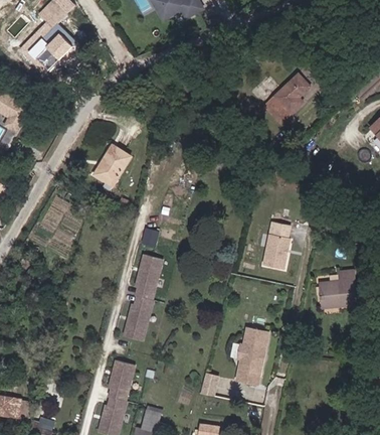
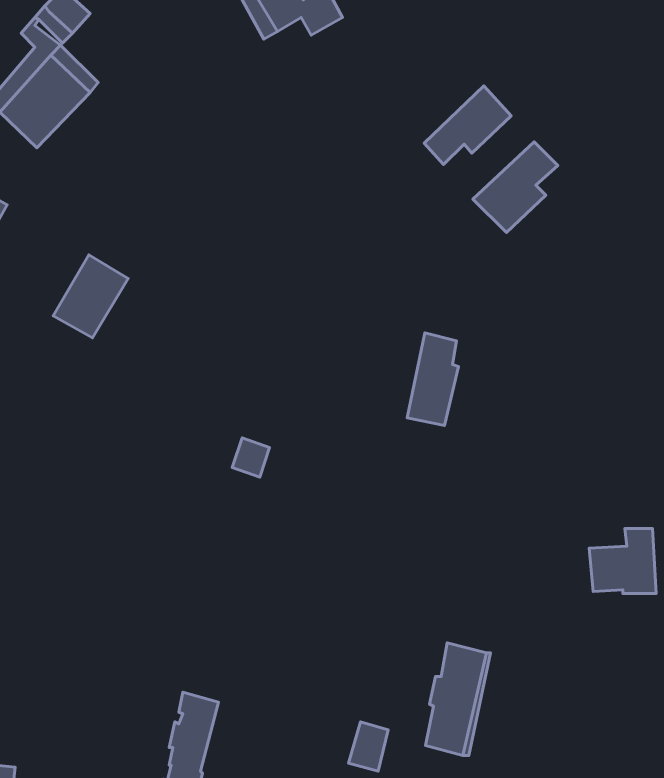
building: none -> [424,86,511,164]
building: [91,146,130,188] -> [53,255,128,338]
building: [270,222,297,269] -> [407,333,458,426]
building: [124,251,163,337] -> none

